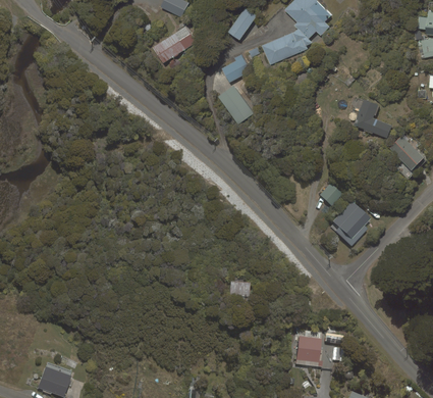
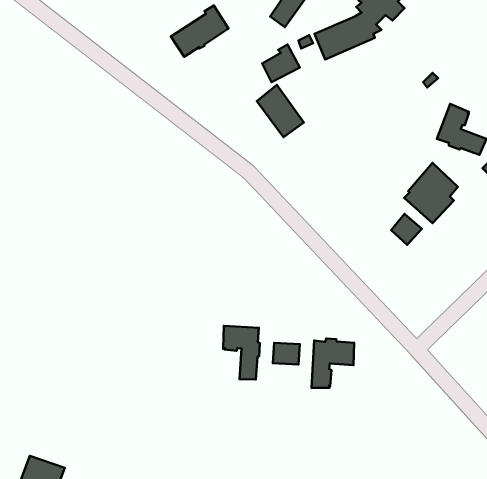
building: [330,199,371,245] -> [404,163,458,223]
building: none -> [223,326,260,379]
building: none -> [312,339,354,388]
building: [296,336,322,365] -> none

